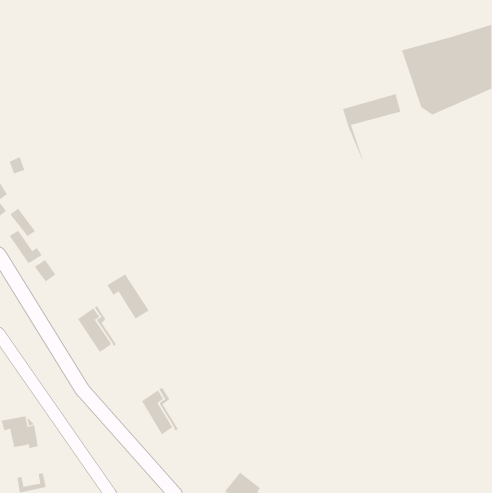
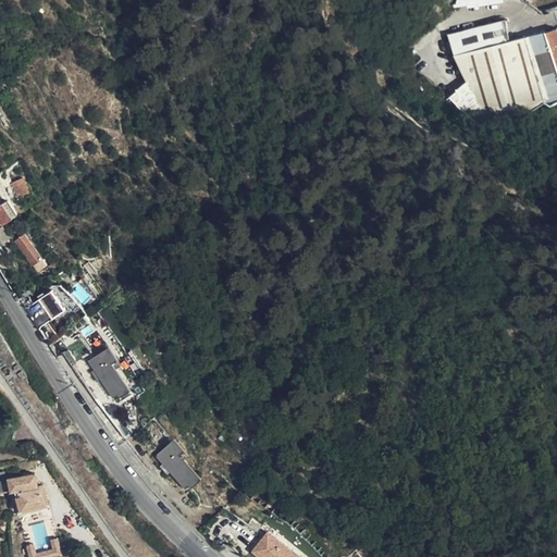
building: [342,93,401,182] -> [441,22,507,122]
building: [9,230,43,264] -> none
building: [107,273,150,319] -> none

